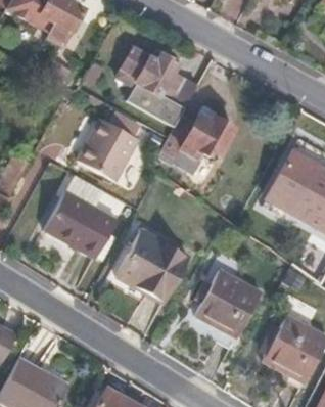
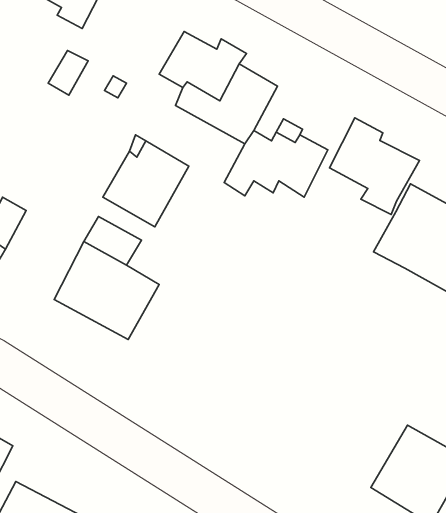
building: none -> [330,118,420,214]
building: [115,230,190,302] -> none
building: [197,270,264,337] -> none

